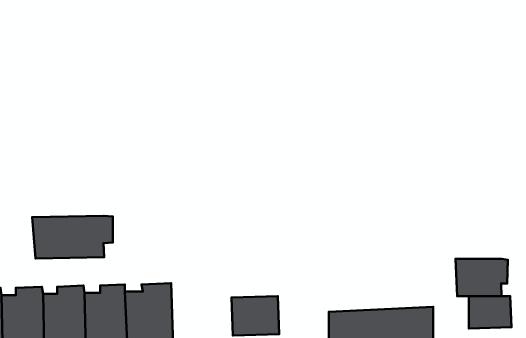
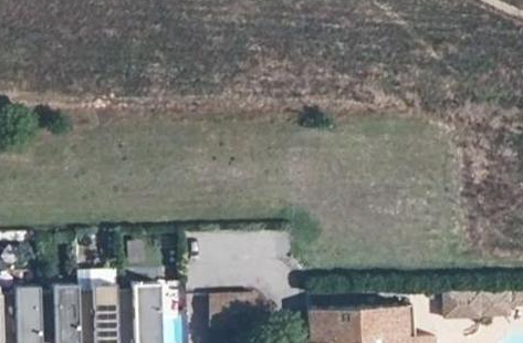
building: [32,216,113,259] -> none
building: [455,259,508,296] -> none

